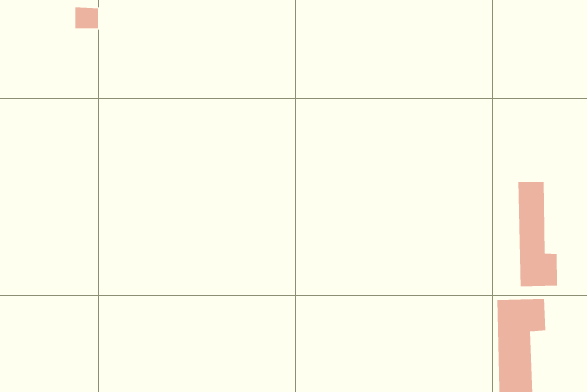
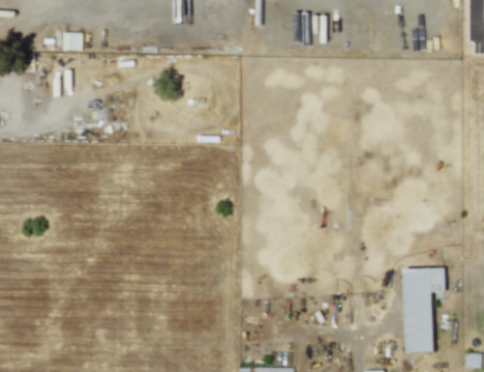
building: [518,181,558,287] -> none

